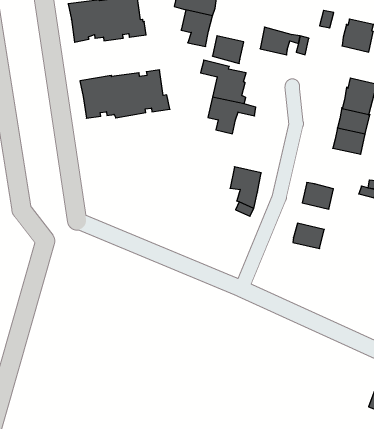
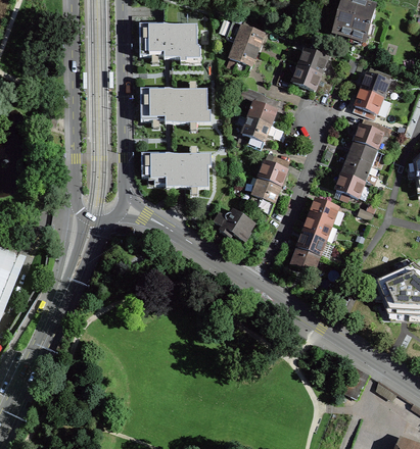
building: [212,36,244,63] -> [298,48,326,73]
building: none -> [355,89,382,113]
building: none -> [258,152,288,185]
building: none -> [140,152,211,187]
building: none -> [335,172,364,197]
building: none -> [304,214,331,239]
building: none -> [211,208,253,239]
building: none -> [290,246,319,271]

